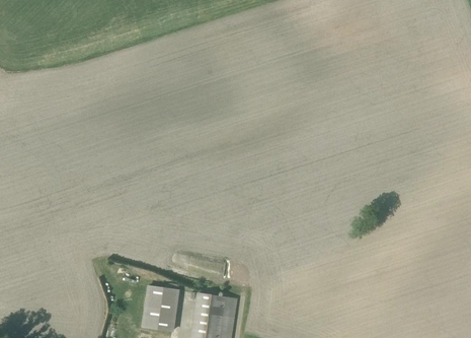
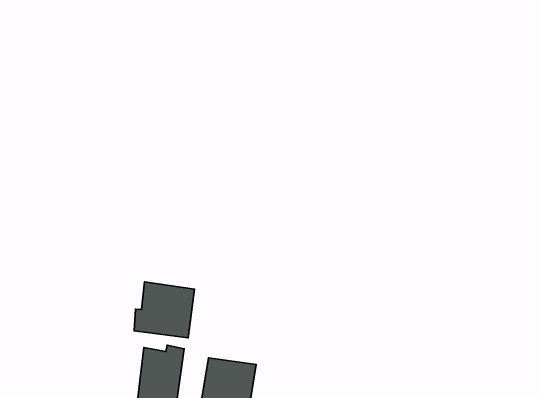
building: none -> [134,282,195,338]

